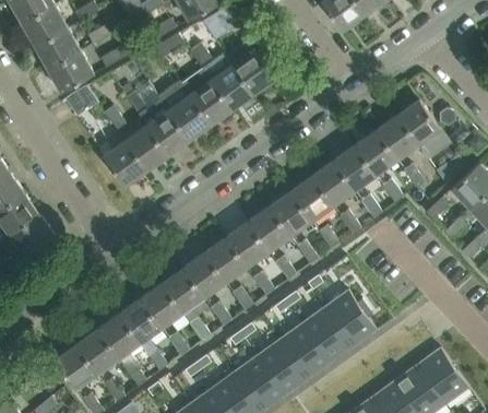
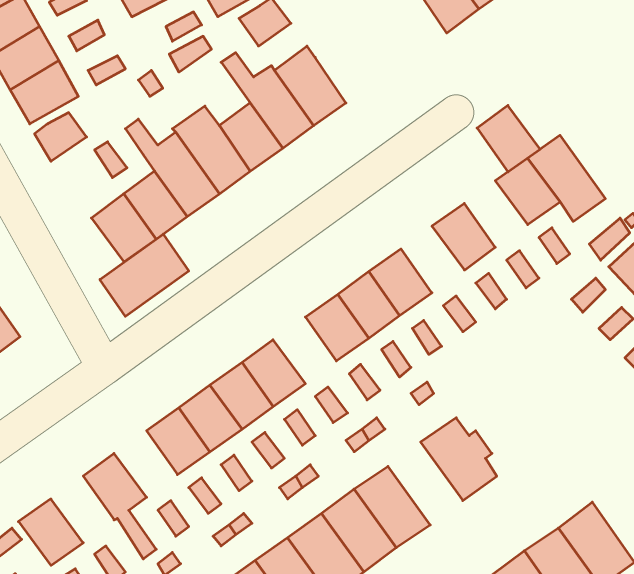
building: [354,131,396,176] -> [477,105,540,172]
building: [311,162,354,206] -> none
building: none -> [100,234,189,316]
building: [225,223,267,268] -> none
building: [118,299,160,344] -> none
building: [302,307,353,363] -> none
building: [75,330,118,375] -> none

